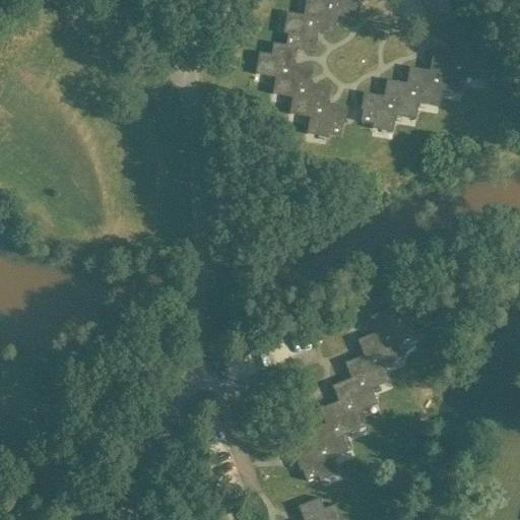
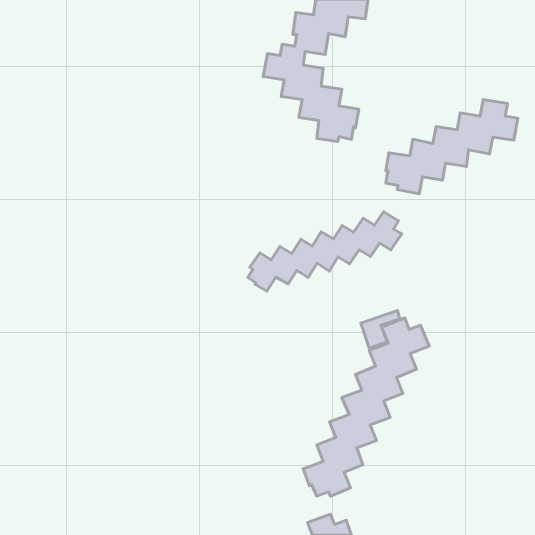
building: [362,41,490,132] -> [386,99,518,194]
building: none -> [248,212,402,291]

